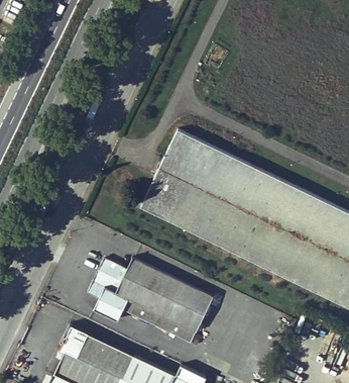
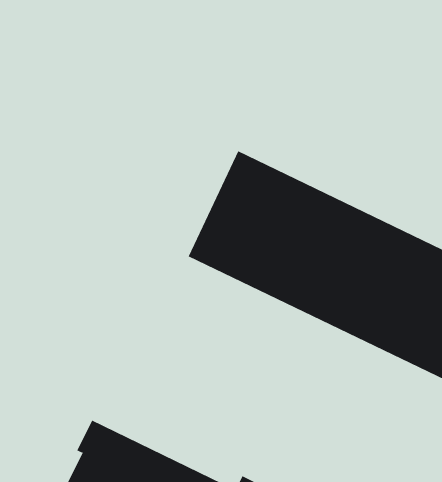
building: [89,259,213,343] -> none

